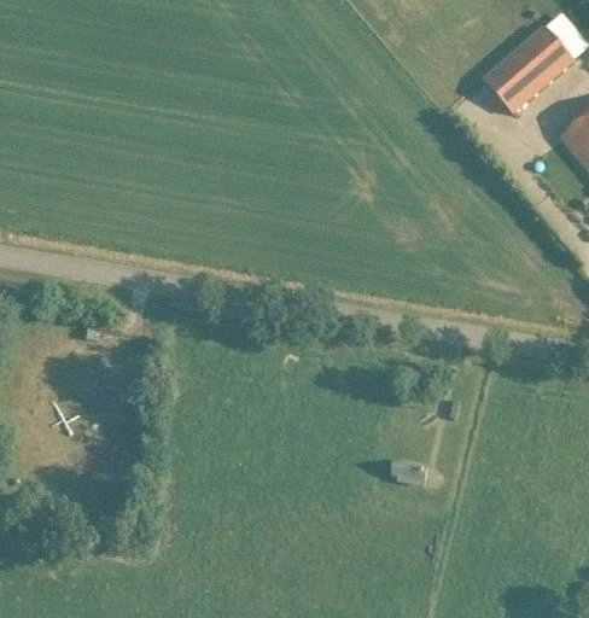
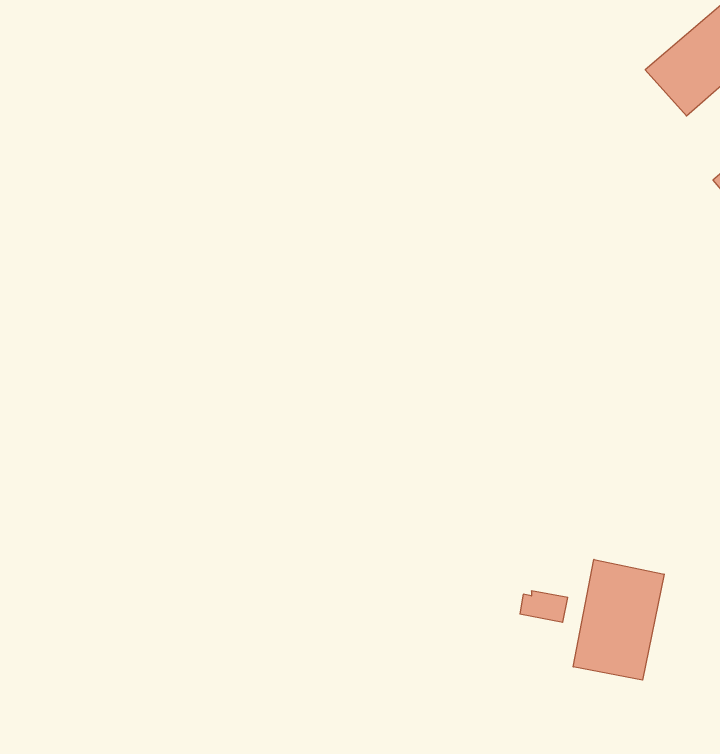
building: none -> [573,559,664,680]

